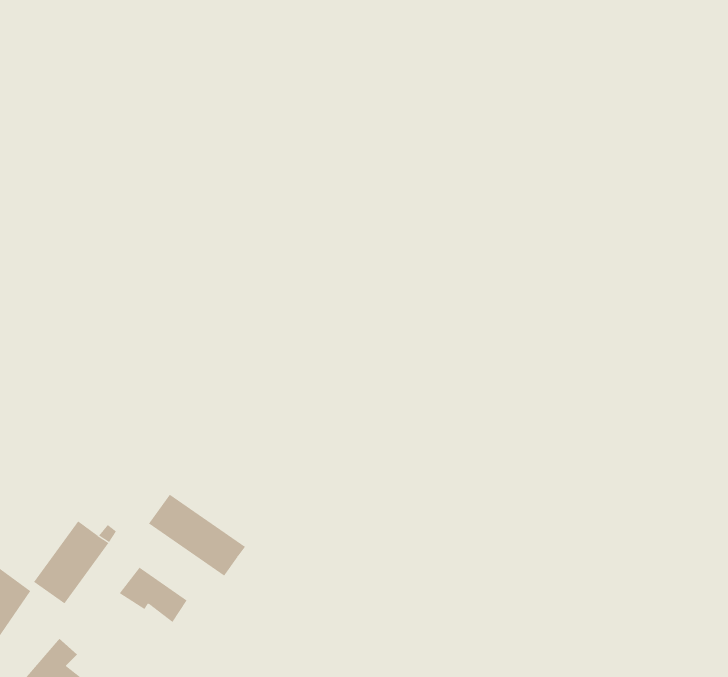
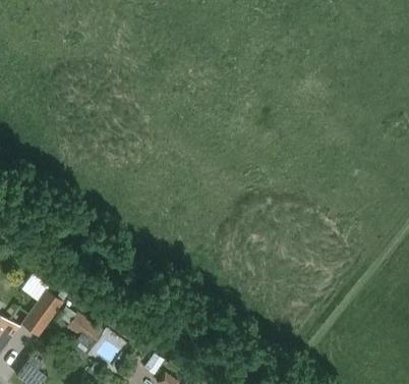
building: [148,494,246,577] -> none

